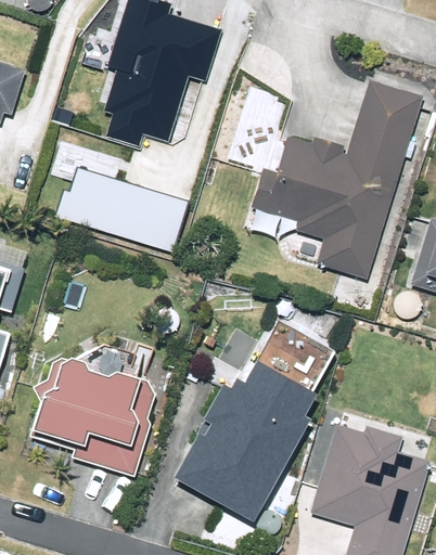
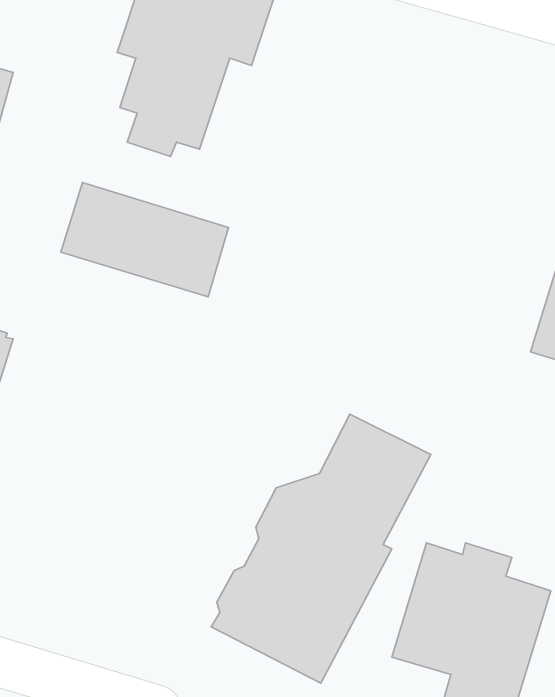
building: [251,85,422,282] -> none
building: [31,348,155,479] -> none

